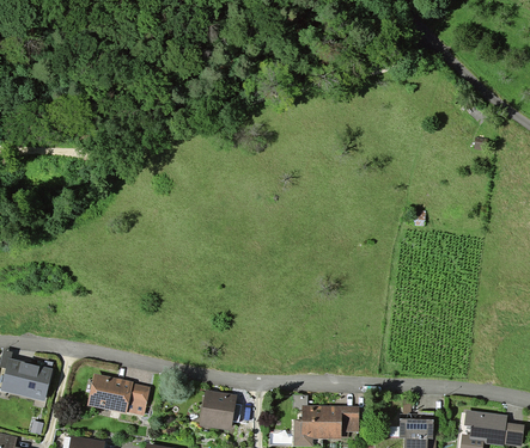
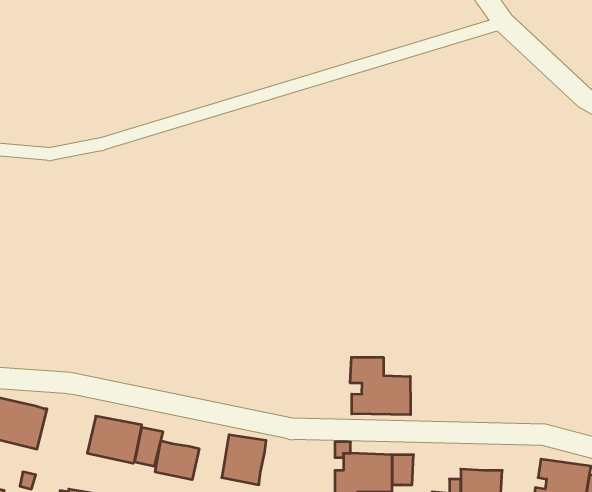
building: none -> [350,357,411,415]
building: none -> [155,440,199,480]

